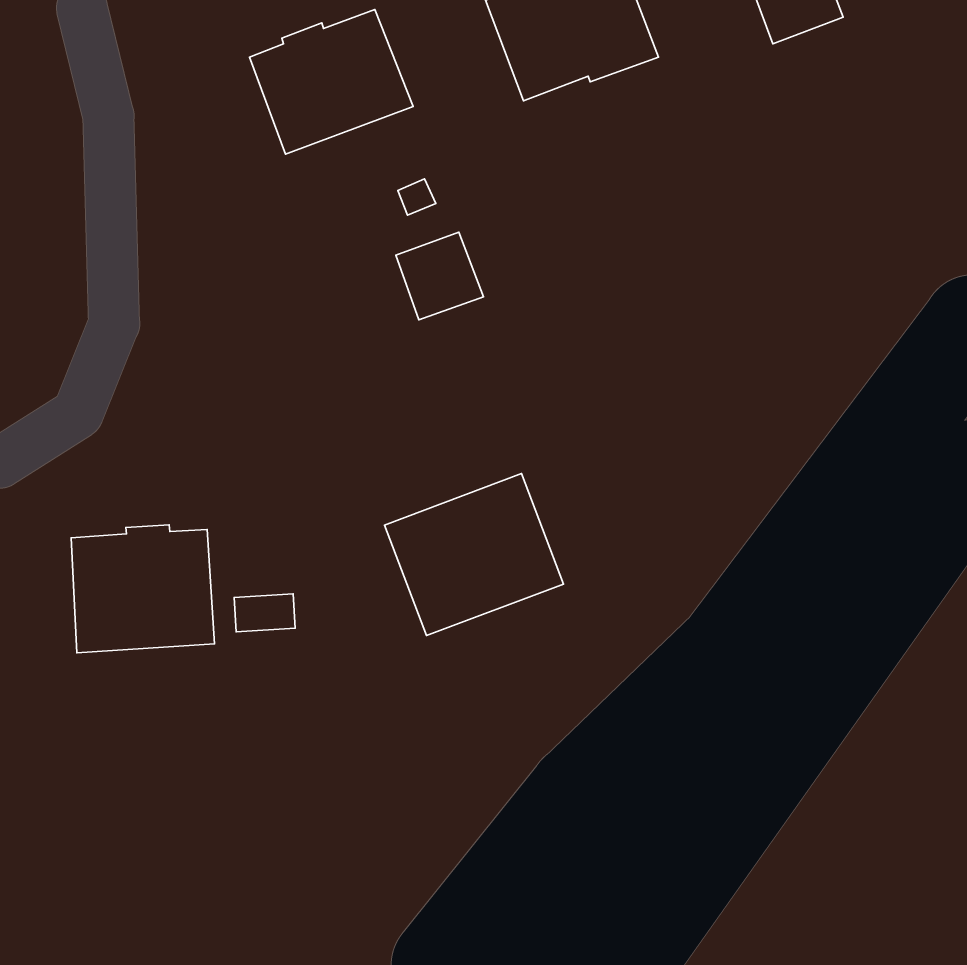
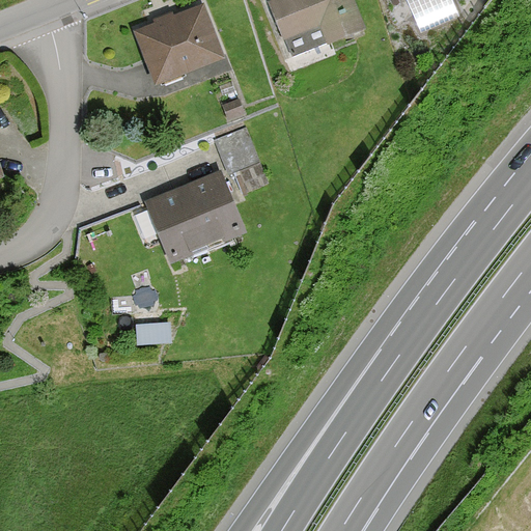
building: [385,474,564,635] -> [142,172,240,260]
building: [71,525,215,653] -> none

